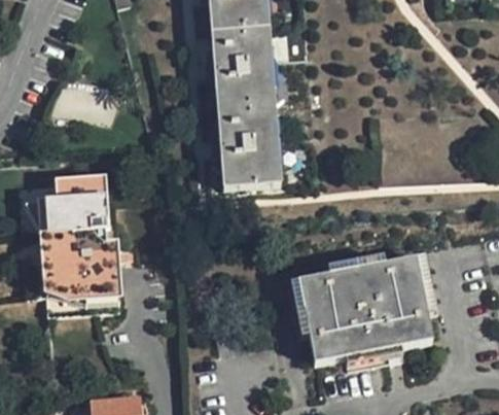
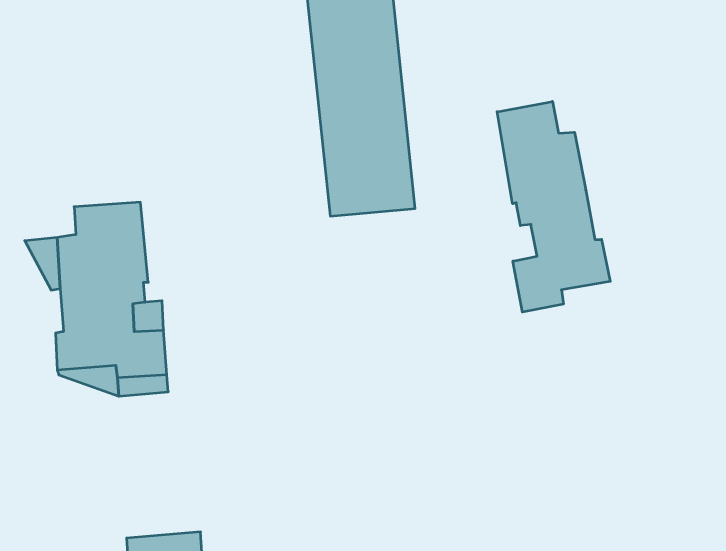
building: none -> [497,101,610,312]
building: [302,253,432,359] -> none

